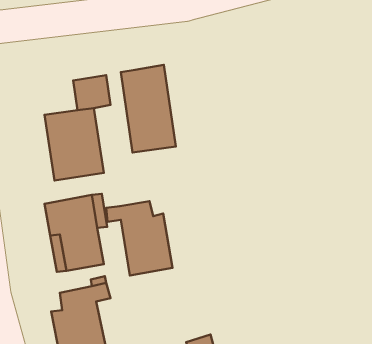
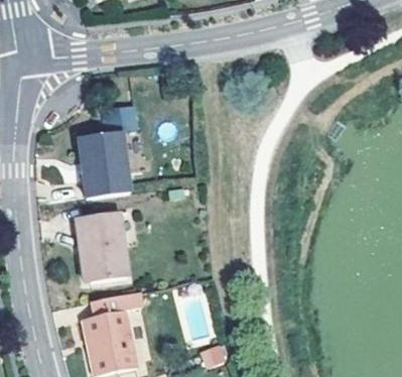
building: [121,65,176,153] -> none
building: [106,201,172,275] -> none

